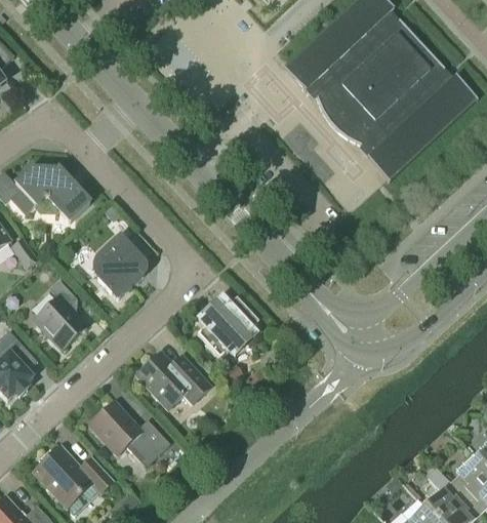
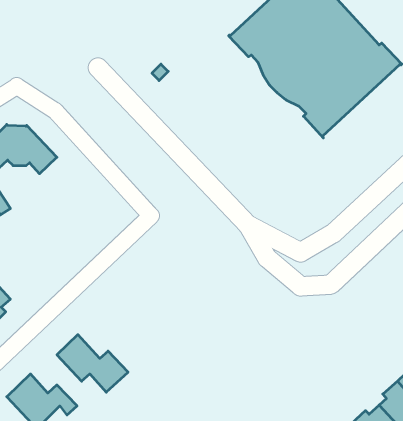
building: [92,235,143,297] -> none
building: [34,279,86,349] -> none
building: [196,295,257,356] -> none
building: [136,352,210,408] -> none

